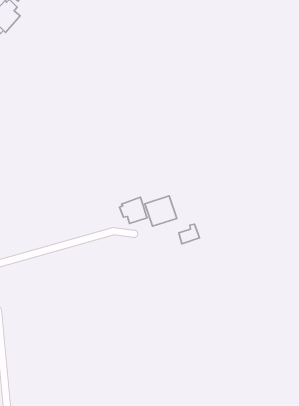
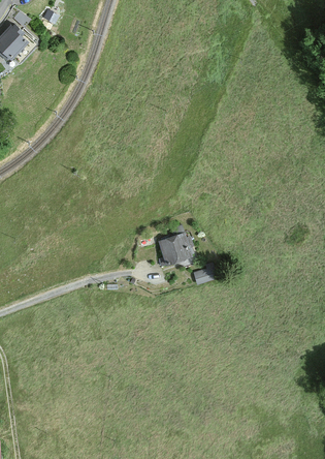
building: [120,197,147,224] -> none

